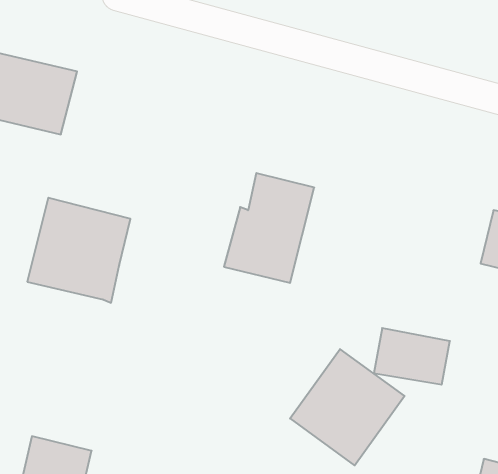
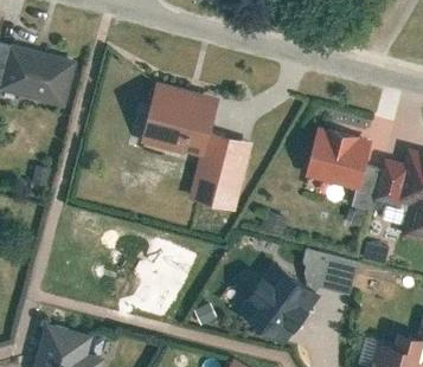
building: none -> [306,129,371,192]
building: [27,198,130,303] -> [143,83,219,160]

